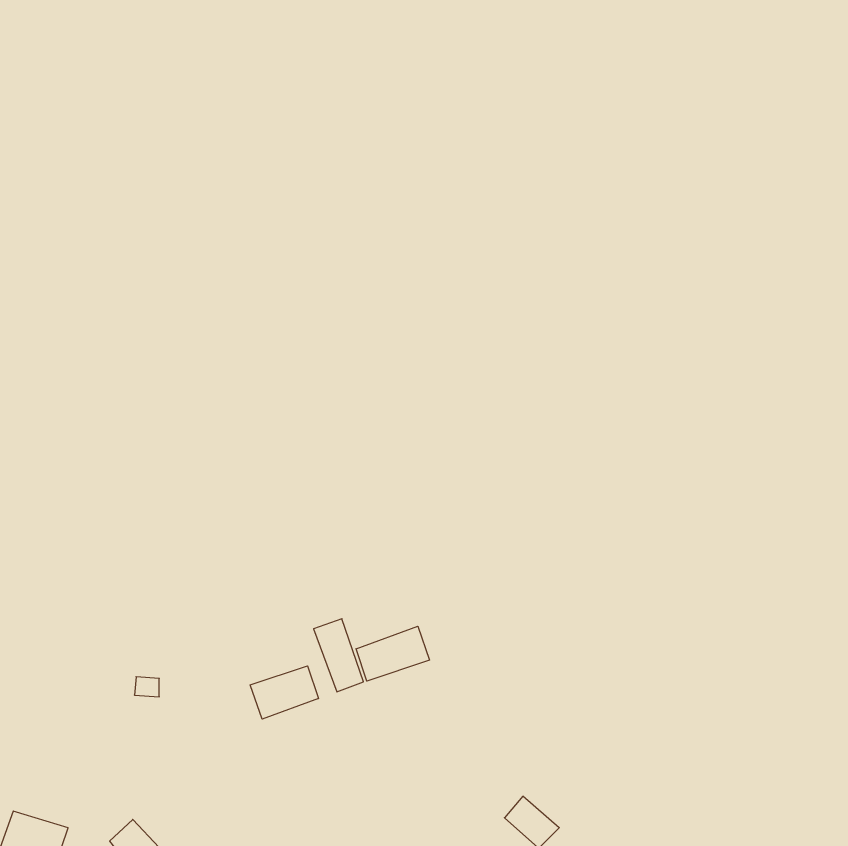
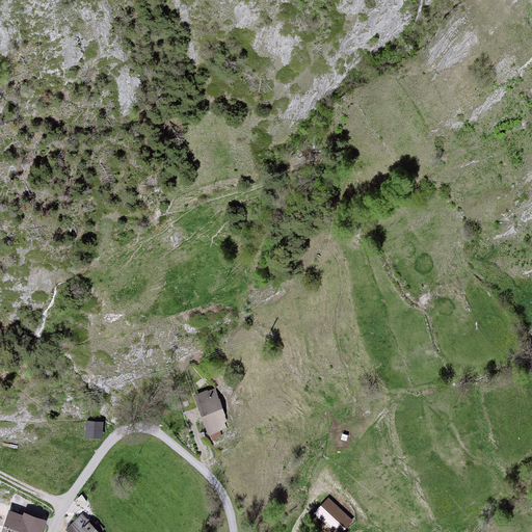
building: [356,626,430,681] -> none
building: [250,666,318,719] -> none

